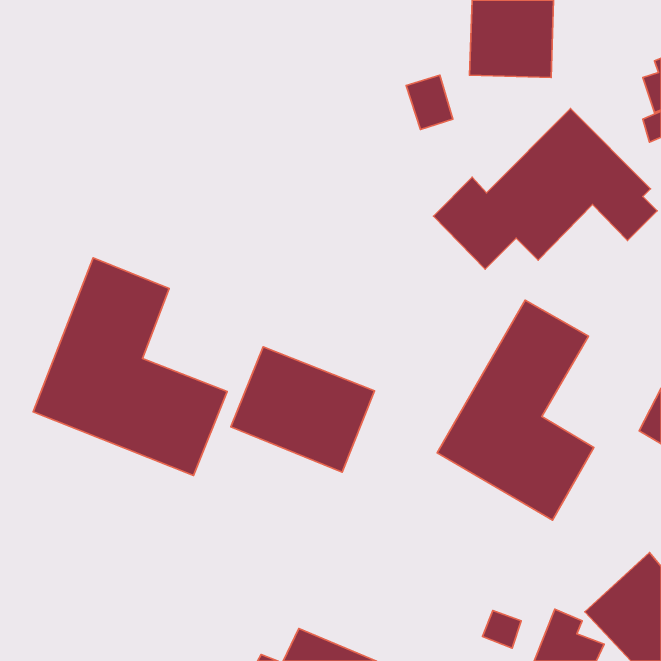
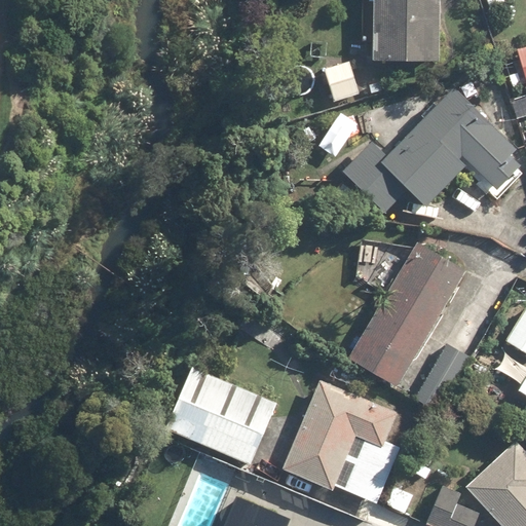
building: [33,258,227,476] -> none
building: [231,347,375,472] -> [164,366,278,465]
building: none -> [283,380,400,503]

